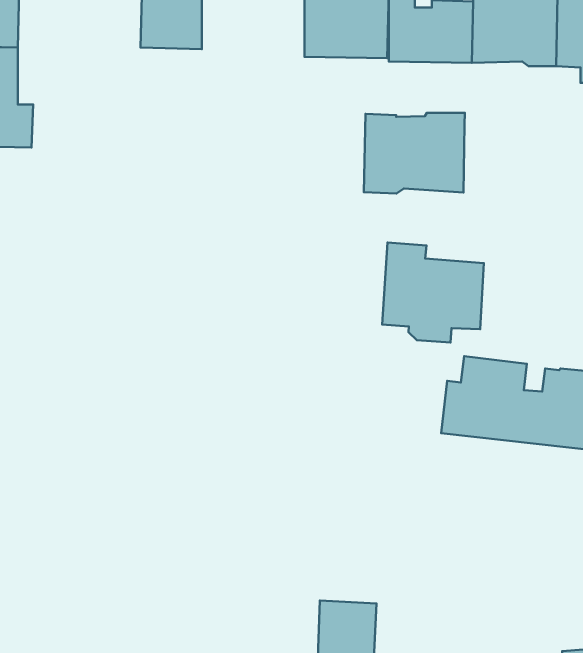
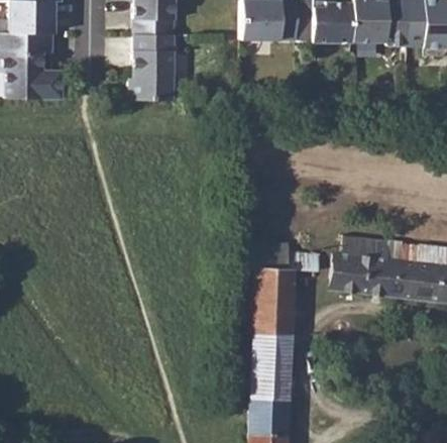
building: none -> [129,33,175,100]
building: [364,113,465,193] -> none
building: [382,243,484,343] -> none
building: none -> [247,239,321,399]

